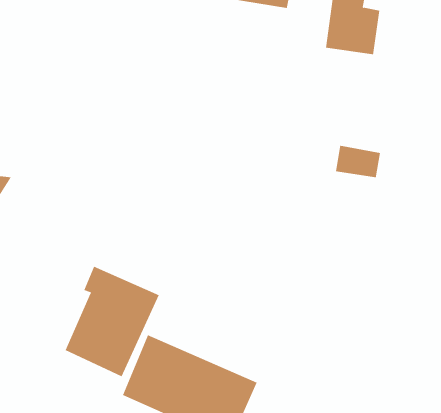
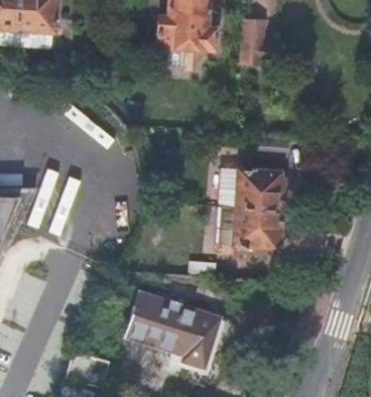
building: none -> [232,169,281,247]
building: [65,266,159,377] -> none

